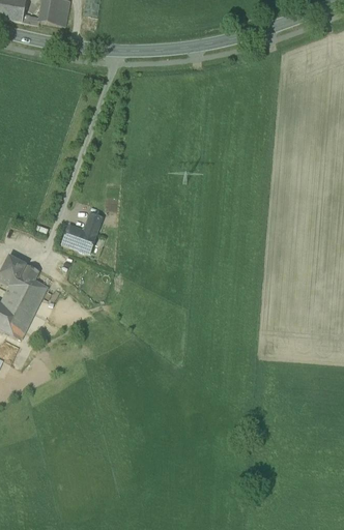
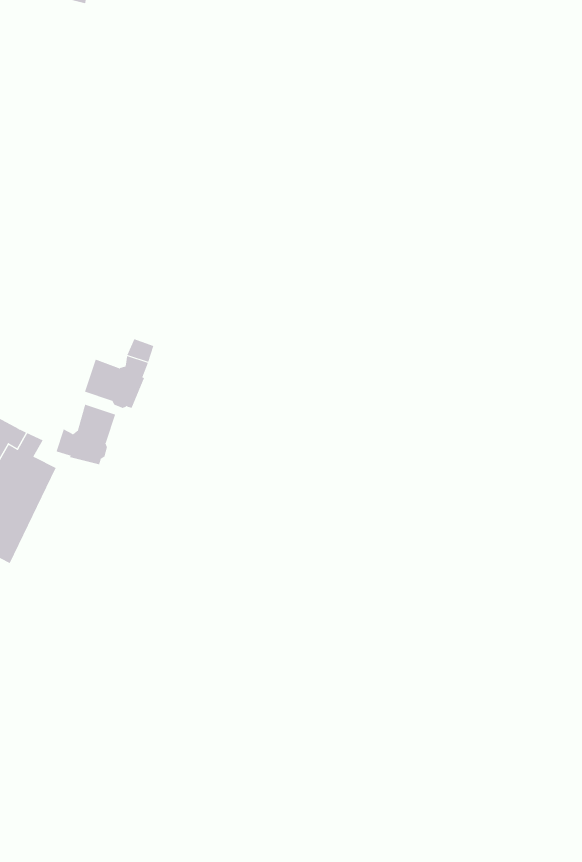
building: none -> [56,404,116,465]

